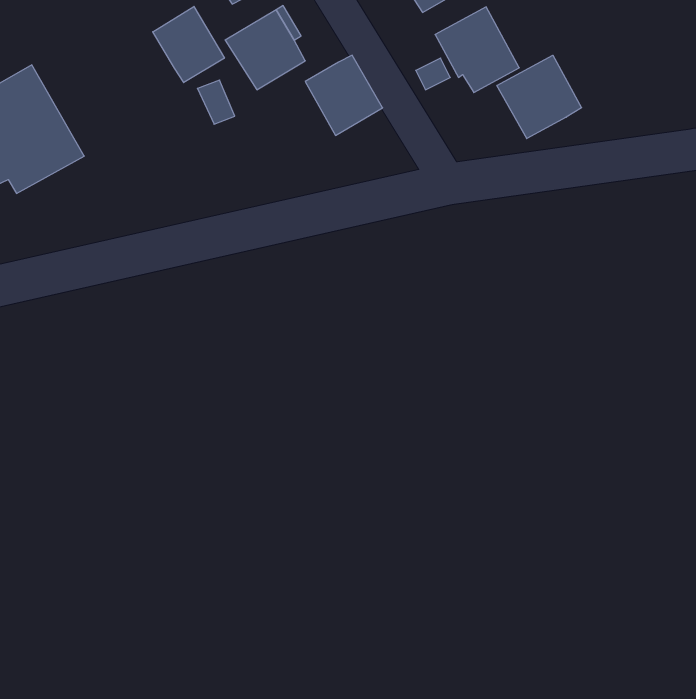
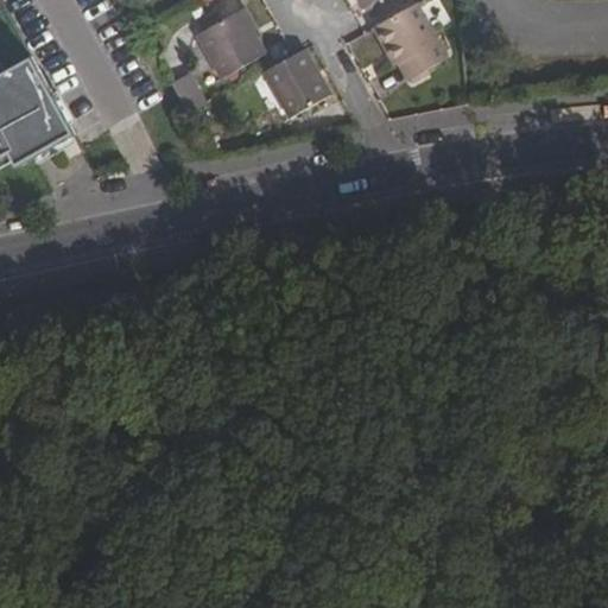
building: [153,6,224,83] -> none
building: [497,55,582,139] -> none

